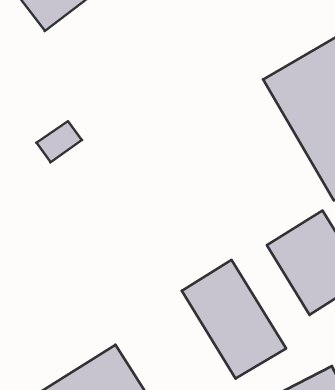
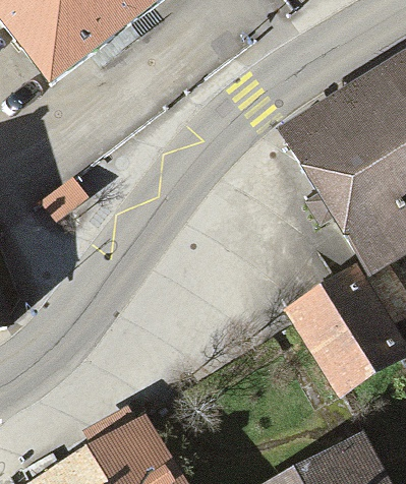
building: [182,260,286,379] -> none

